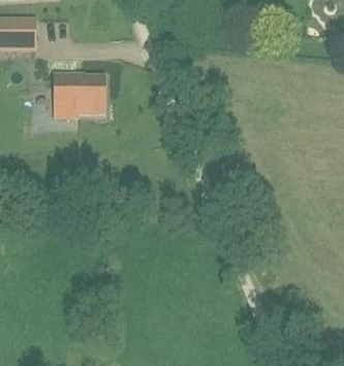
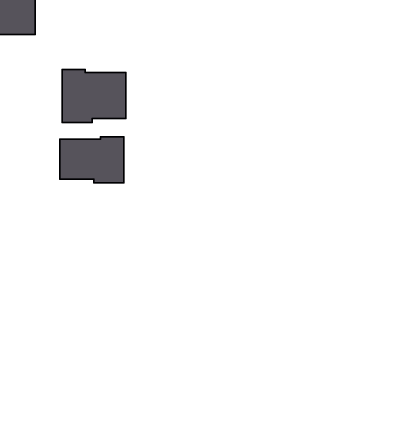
building: none -> [60,137,124,183]

